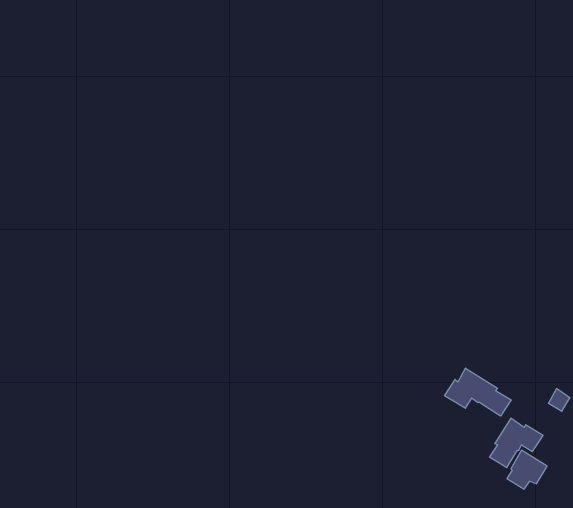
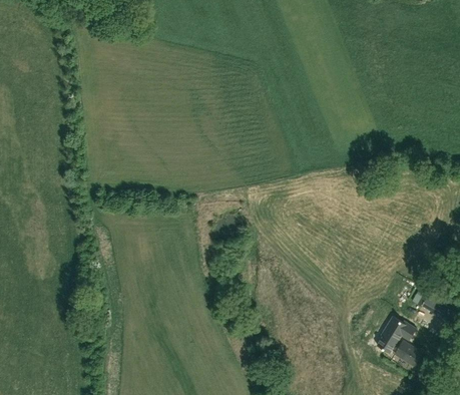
building: [445,368,511,416] -> none

